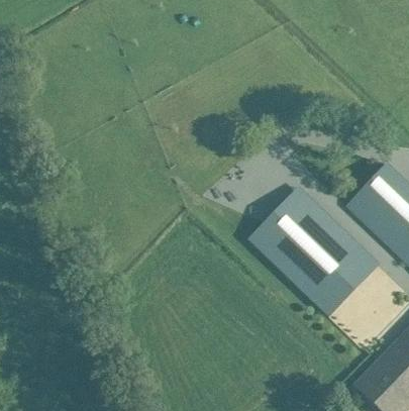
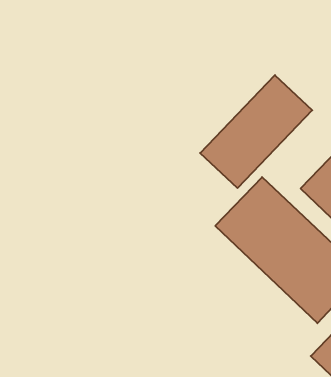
building: none -> [200,75,312,188]

